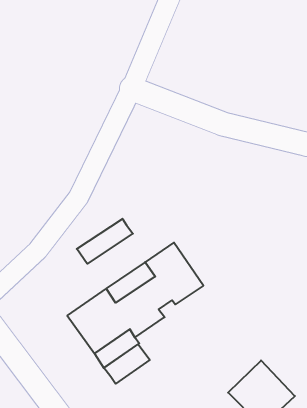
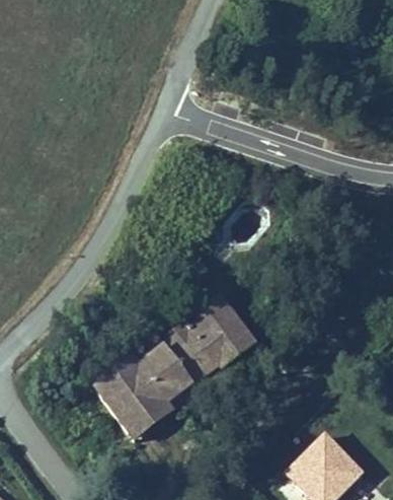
building: [77,219,133,264] -> none
building: [104,344,150,384] -> none

